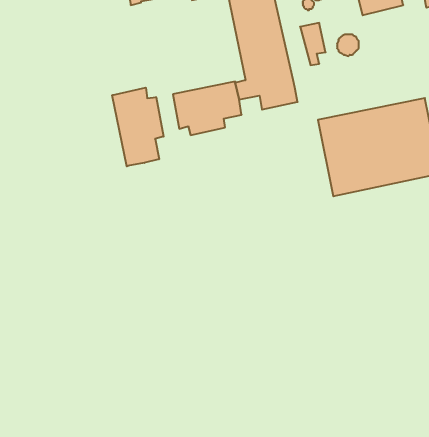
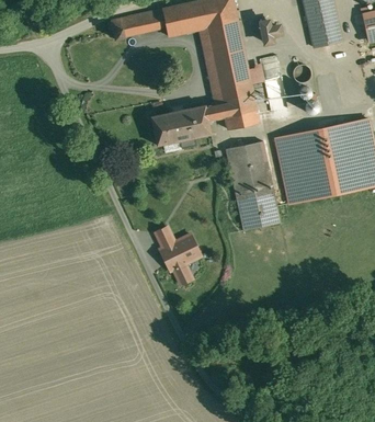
building: [112,88,164,166] -> none
building: none -> [225,140,280,229]
building: none -> [159,233,200,283]

